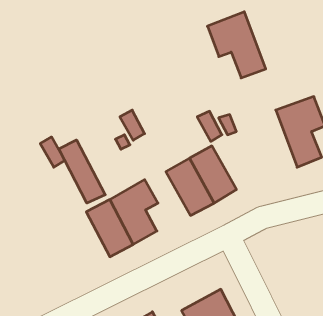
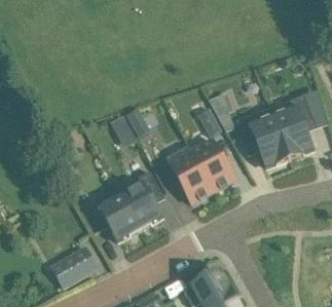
building: [207,12,266,78] -> [236,108,290,168]
building: [59,140,105,203] -> none
building: none -> [51,246,98,289]

